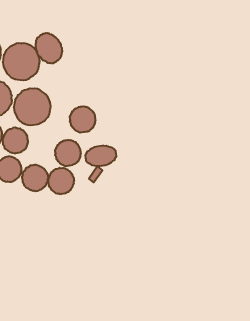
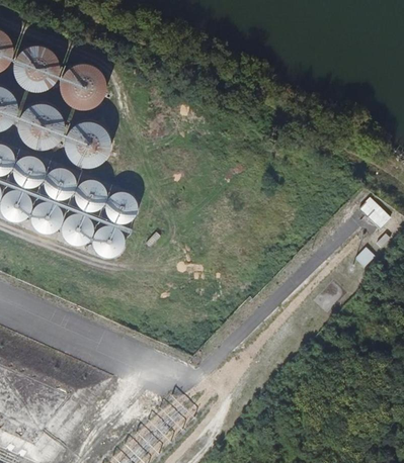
building: [36,33,62,63] -> none
building: [70,106,96,132] -> [75,182,107,213]
building: [85,146,116,166] -> none

